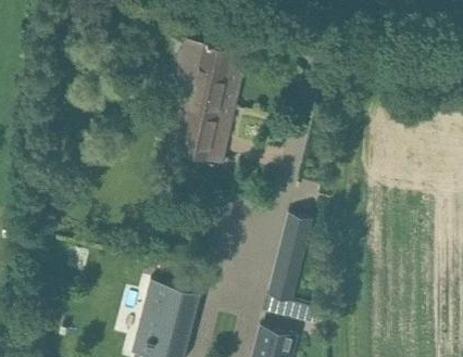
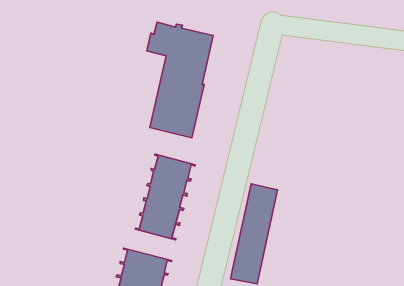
building: none -> [135,154,195,240]

